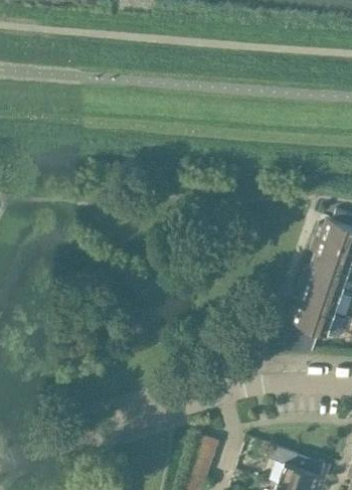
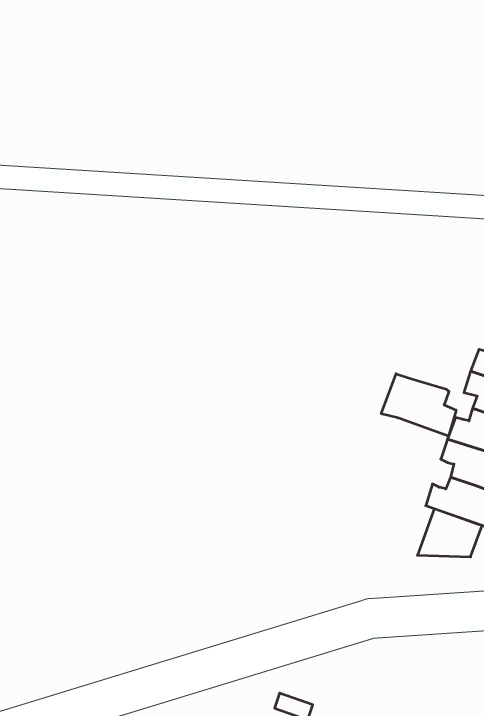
building: none -> [381,374,456,436]

